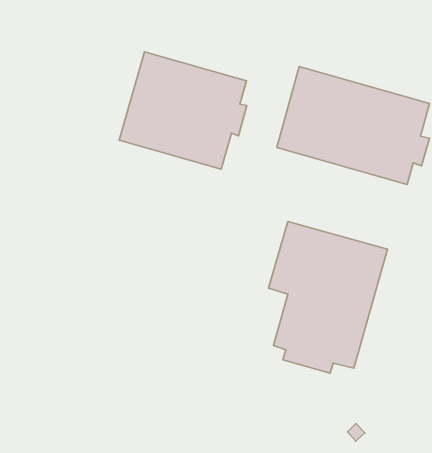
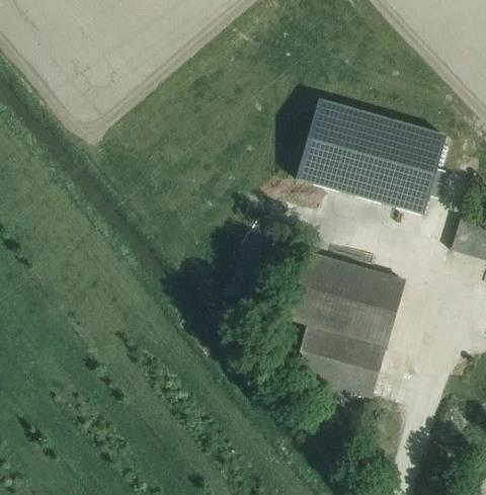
building: [119,52,247,169] -> none

